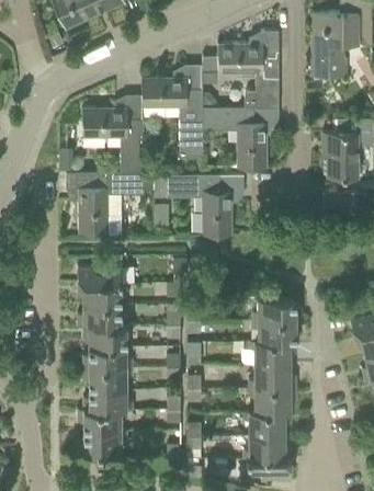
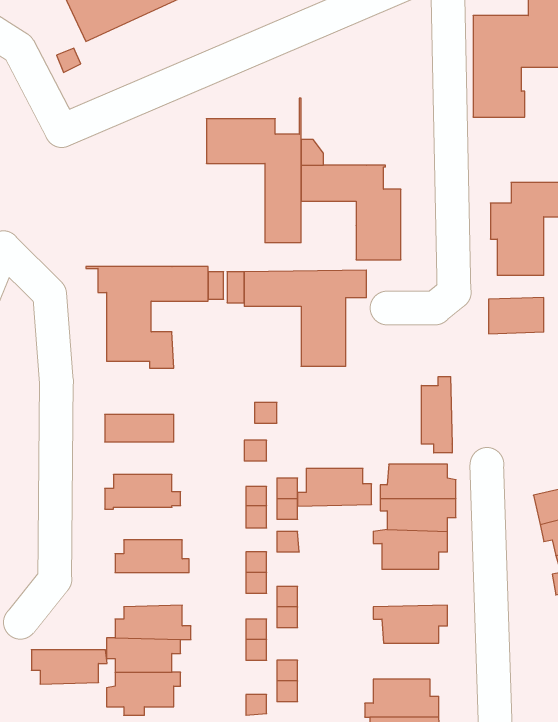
building: [218,32,279,110] -> none
building: [83,107,144,173] -> none
building: none -> [421,377,452,453]
building: [78,285,126,306] -> none
building: [83,326,132,347] -> none
building: [249,366,296,390] -> [298,468,372,506]
building: [84,368,133,390] -> [31,650,107,684]
building: [243,413,291,436] -> none

